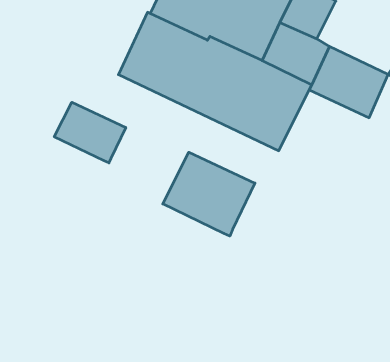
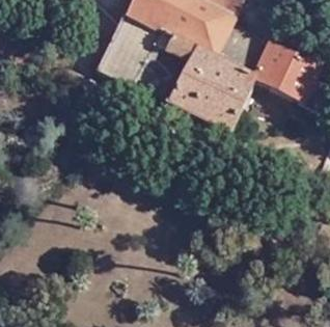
building: [54,102,126,163] -> none
building: [163,152,255,236] -> none

